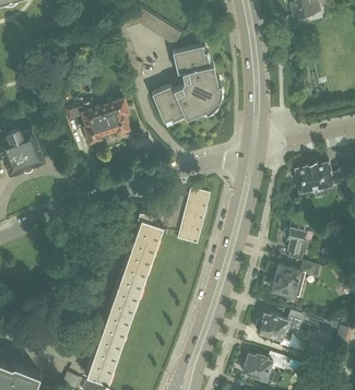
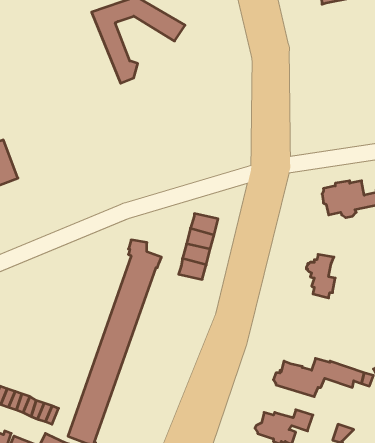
building: [152,46,222,123] -> none
building: [64,99,130,144] -> none
building: [270,263,315,296] -> none

